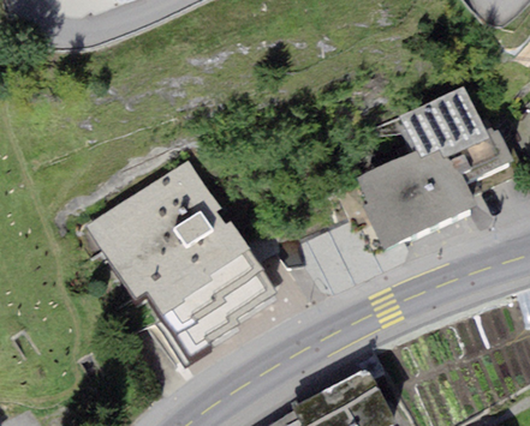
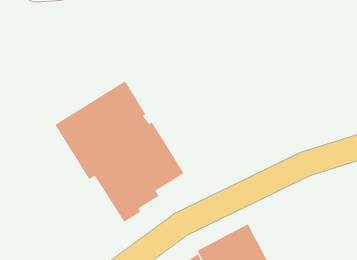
building: [356,84,513,247] -> none

